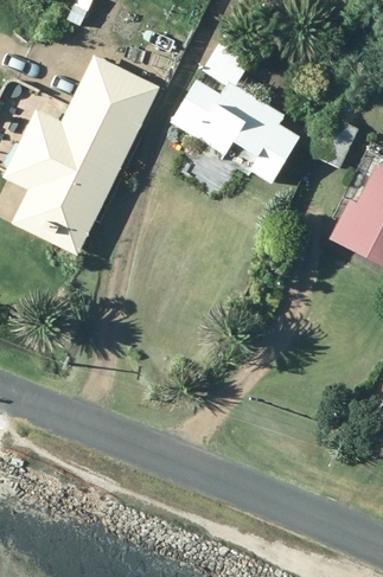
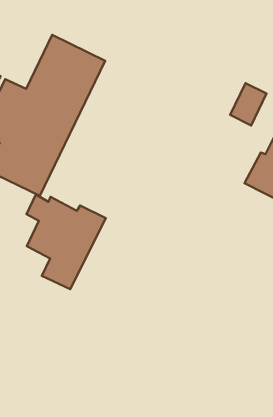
building: [172,33,300,182] -> none
building: none -> [26,195,106,289]

